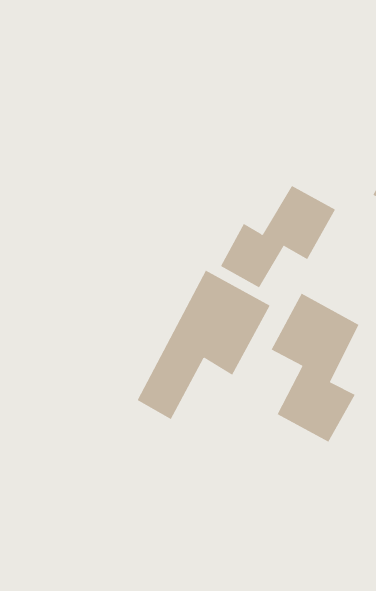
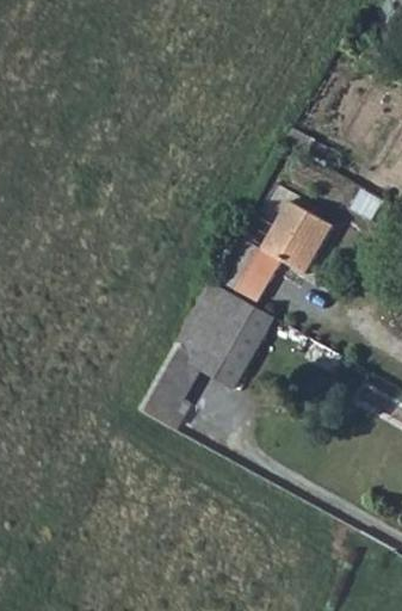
building: [271,293,359,442] -> none

